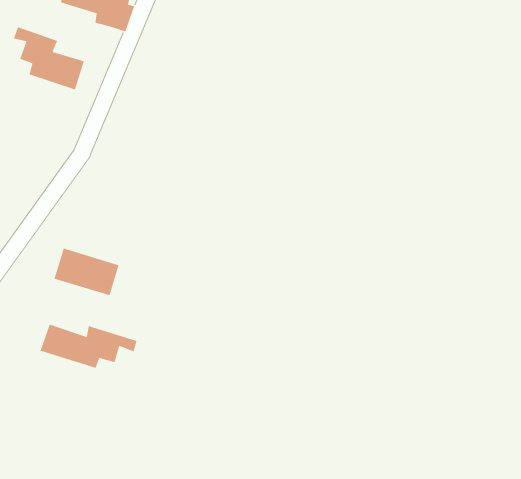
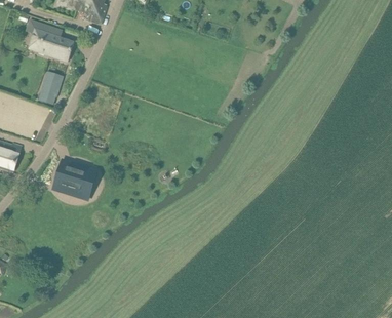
building: none -> [37,73,62,104]
building: [40,324,138,369] -> none

